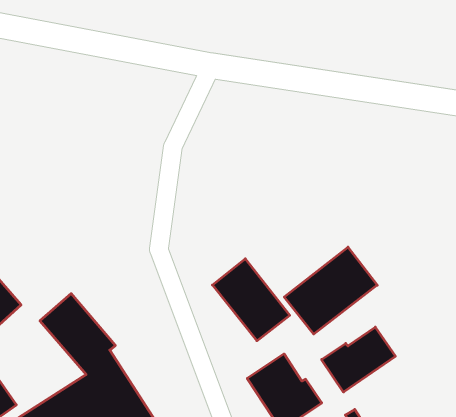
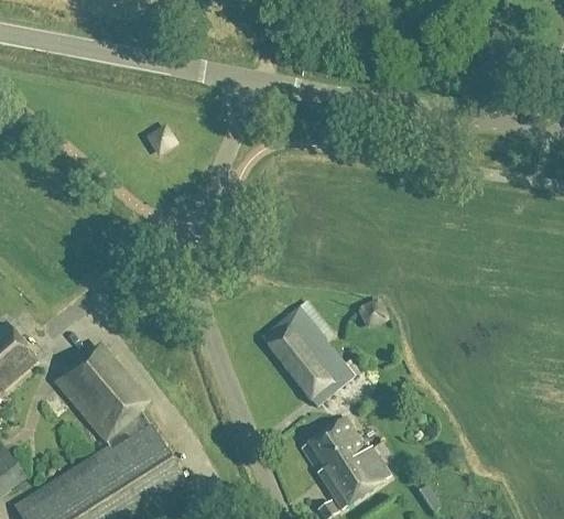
building: [284,247,377,334] -> none
building: [322,327,395,392] -> none

